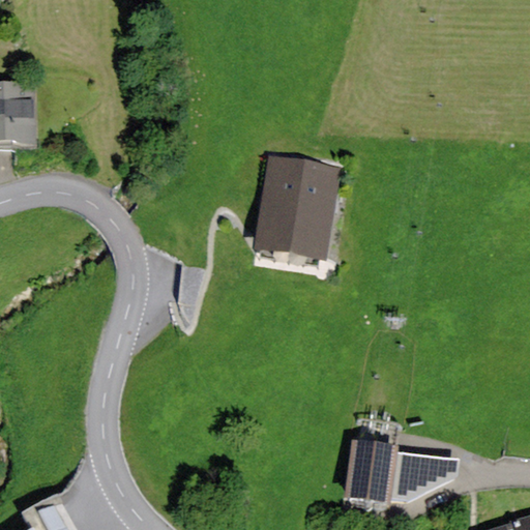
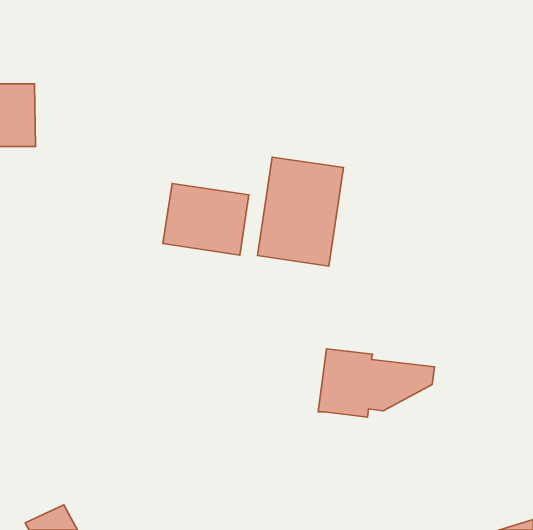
building: none -> [163,183,249,255]
building: [344,439,459,506] -> [318,349,434,417]

